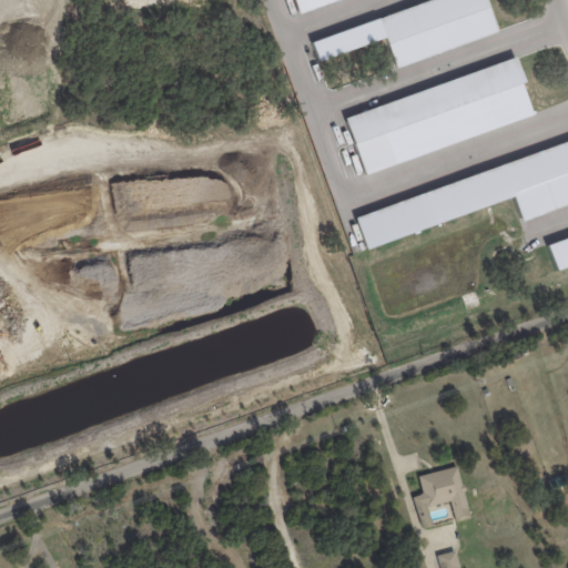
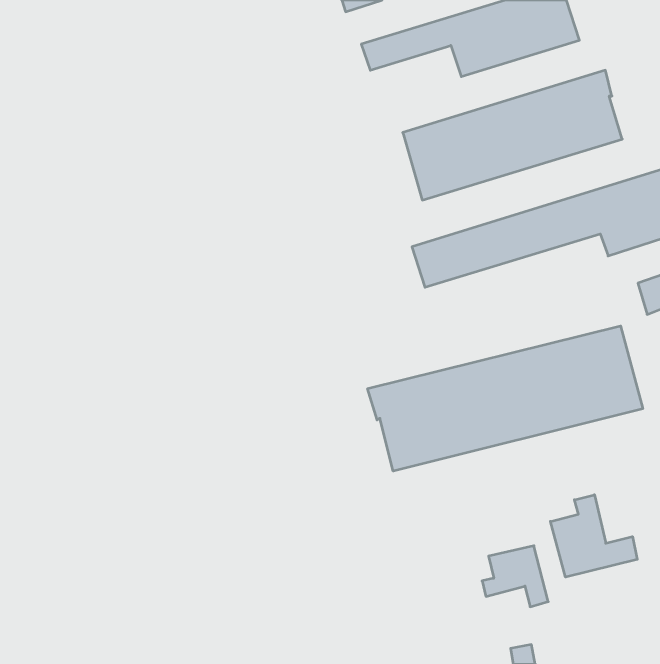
building: none -> [368,326,643,471]
building: none -> [550,495,637,577]

